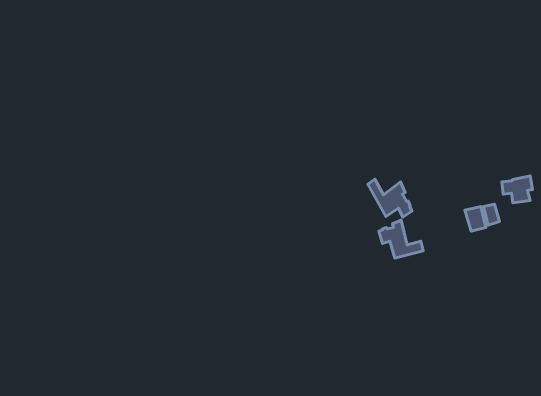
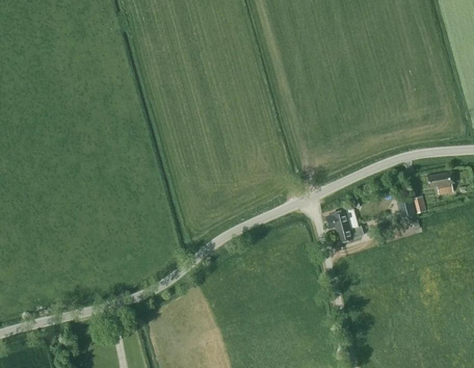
building: [368,179,412,217] -> none

